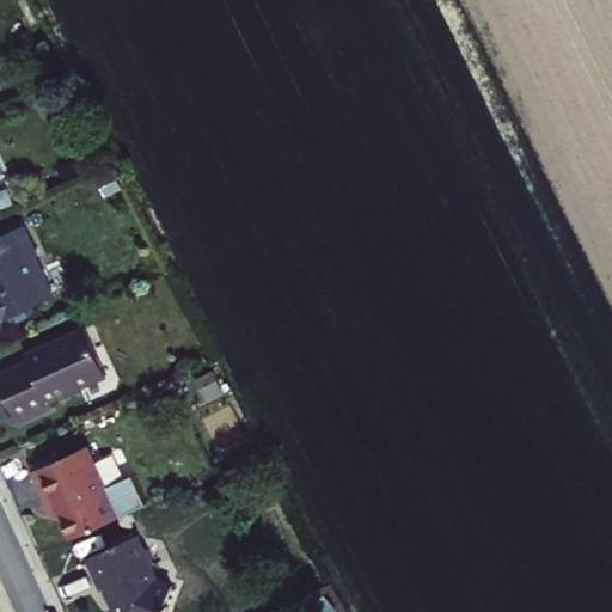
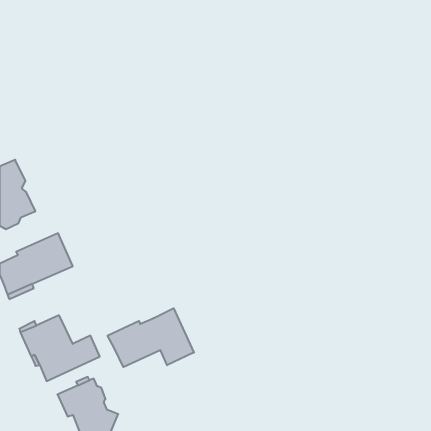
building: none -> [108,308,194,367]

